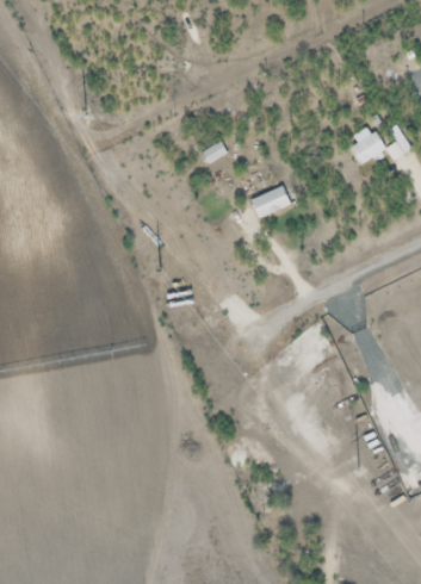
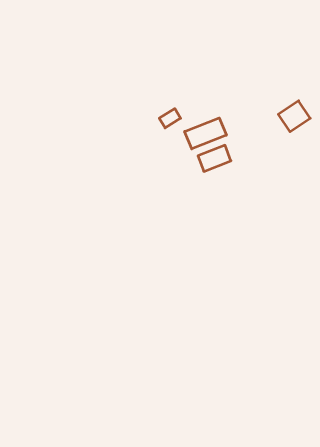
building: none -> [185,118,226,149]

